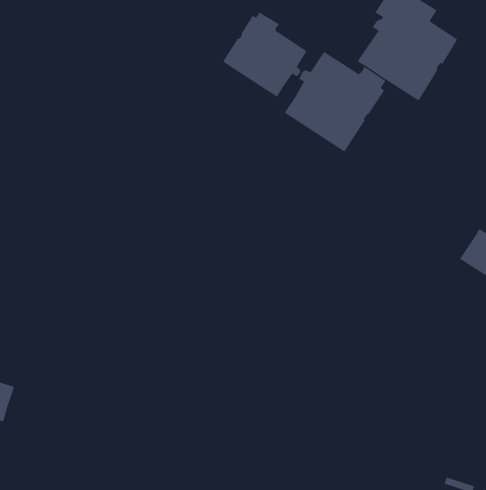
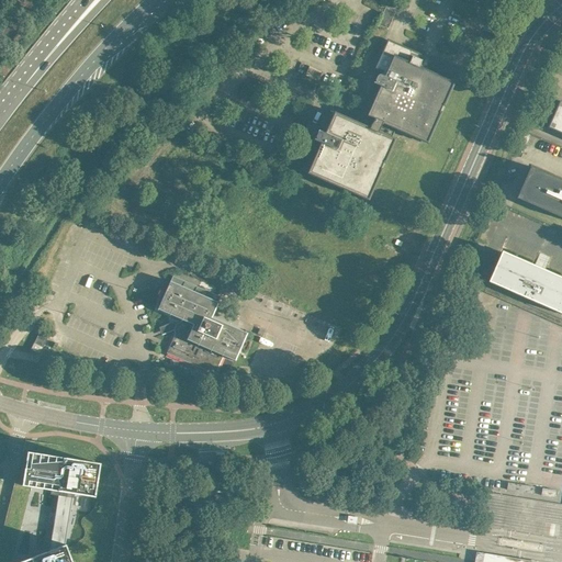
building: [222,11,307,97] -> none
building: none -> [158,274,248,372]

